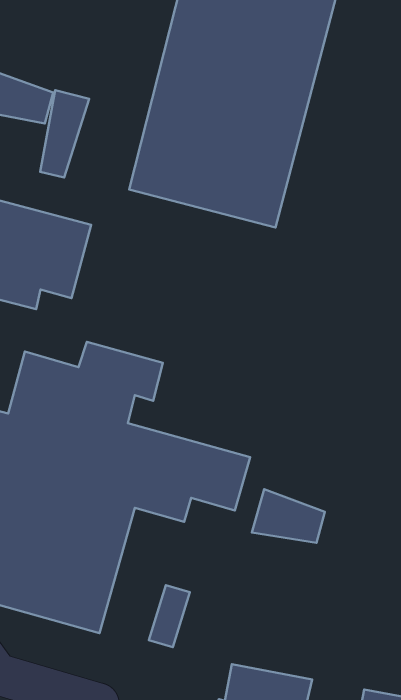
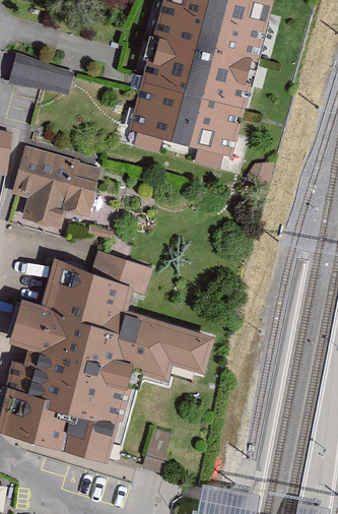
building: [40,90,89,178] -> none
building: [252,489,325,543] -> none

